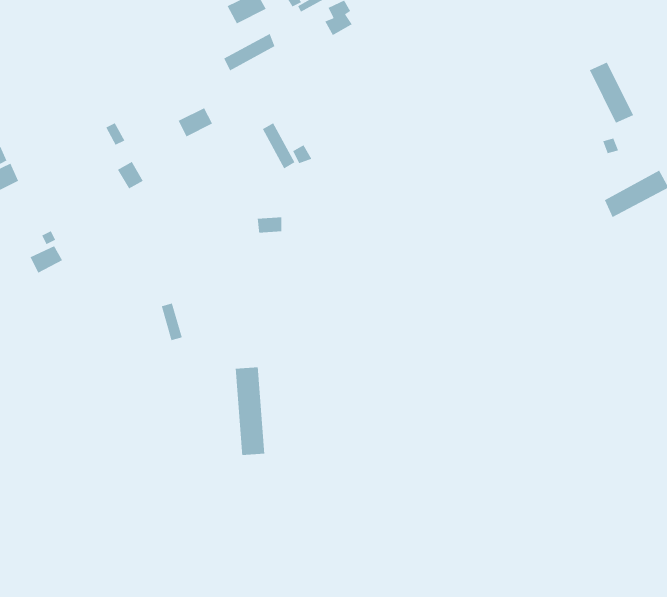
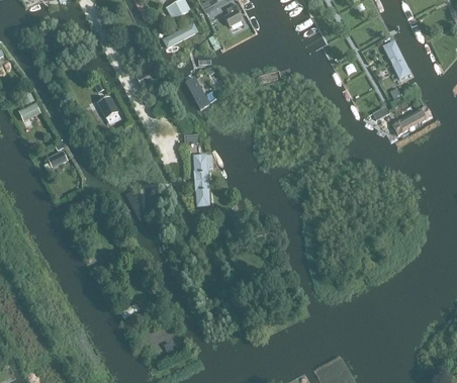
building: [235,366,265,456] -> [192,154,210,207]

